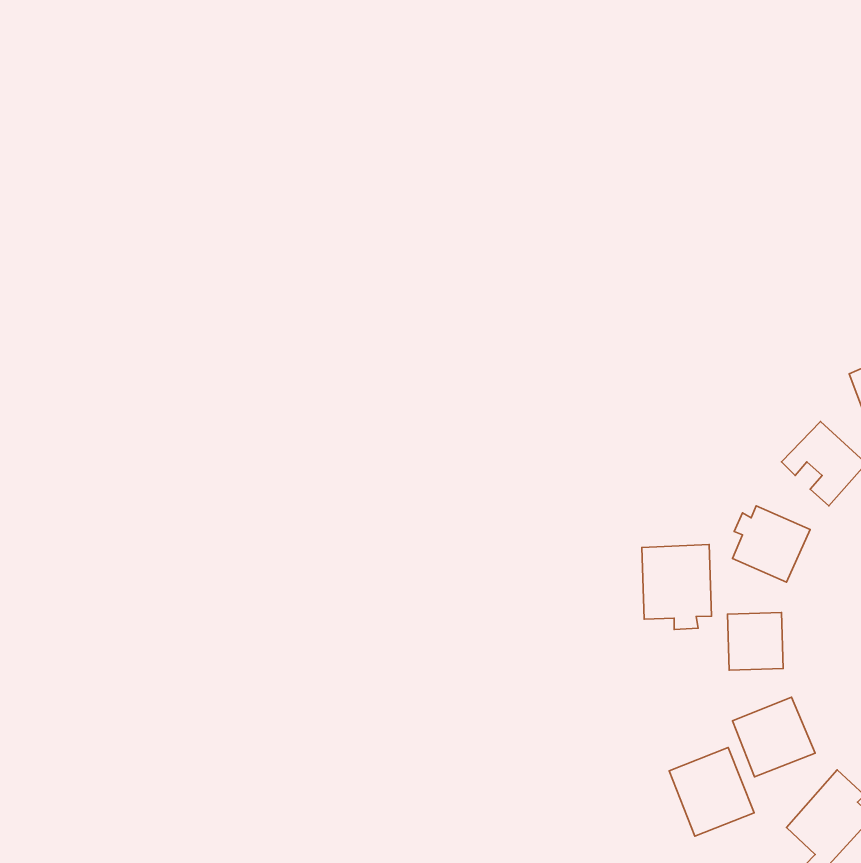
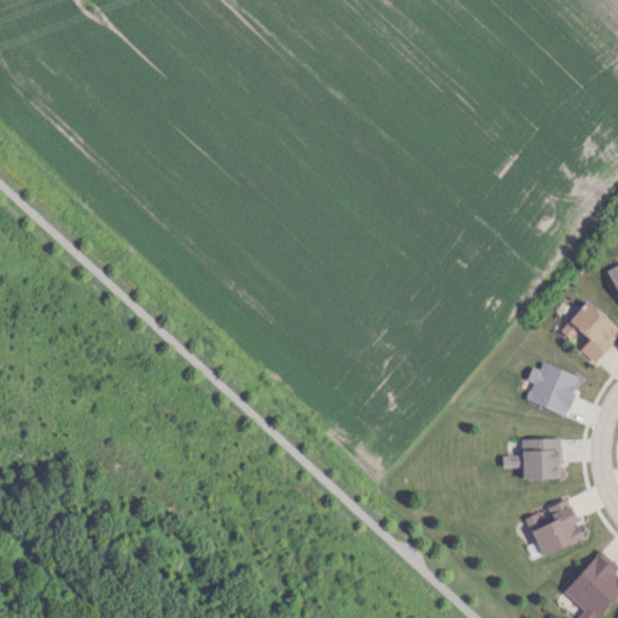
building: [642,545,711,629] -> none
building: [669,748,754,836] -> none

